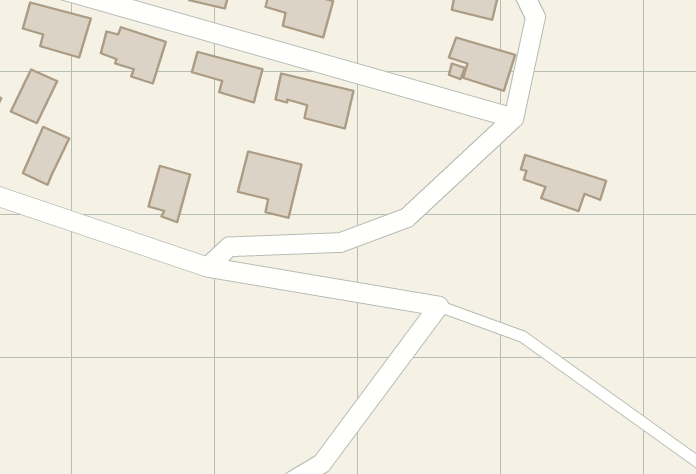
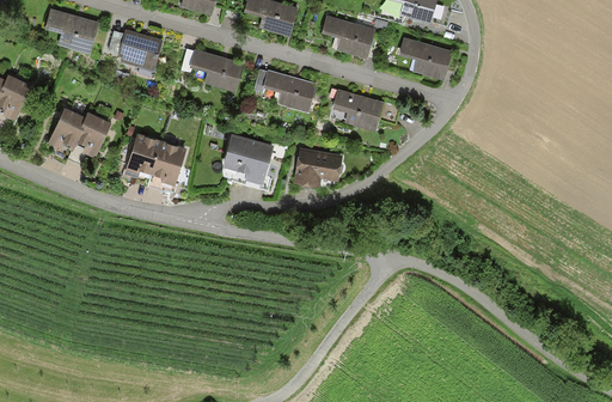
building: none -> [322,13,377,56]
building: [11,70,57,123] -> [68,115,106,159]
building: [521,155,606,211] -> [328,85,398,132]
building: none -> [123,135,158,177]
building: none -> [295,146,345,185]

